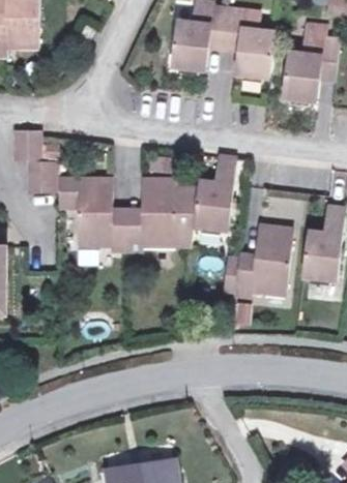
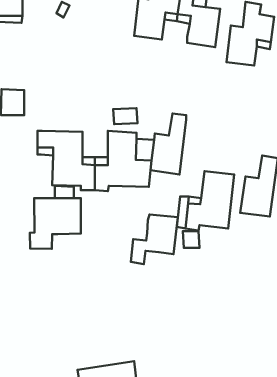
building: [28,161,55,192] -> none
building: none -> [30,198,81,249]
building: none -> [131,215,178,264]

